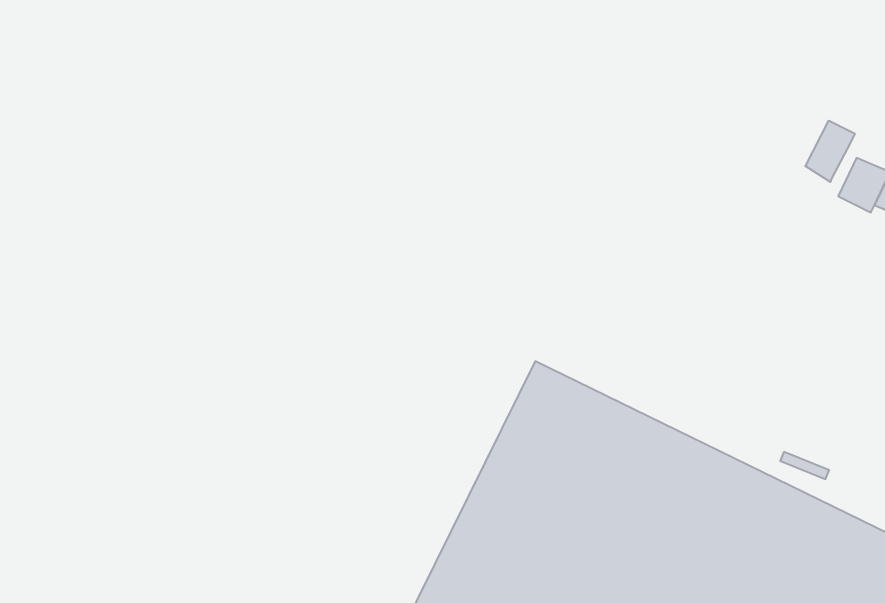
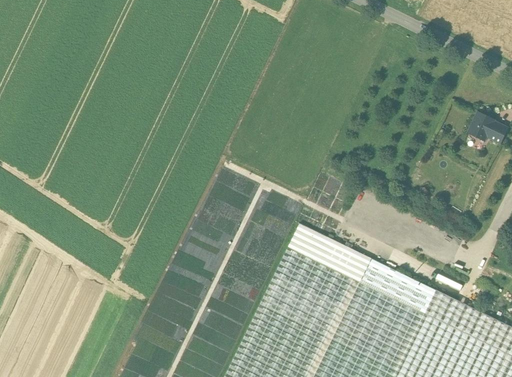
building: [805,121,855,182] -> none

